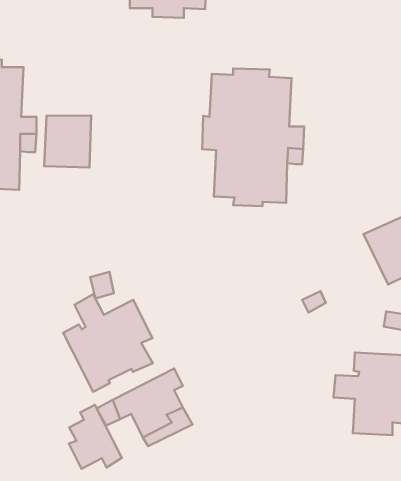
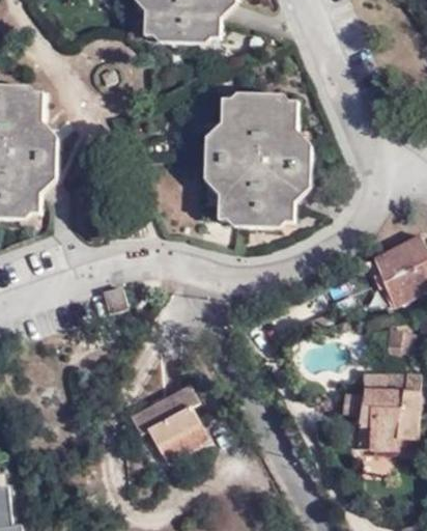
building: [44,115,91,168] -> none
building: [63,294,153,392] -> none
building: [69,405,122,469] -> none

